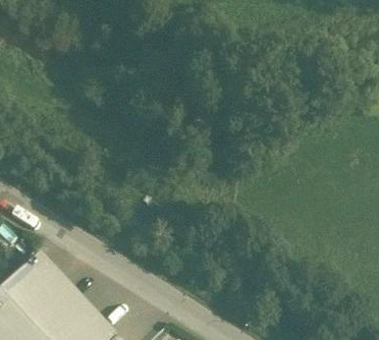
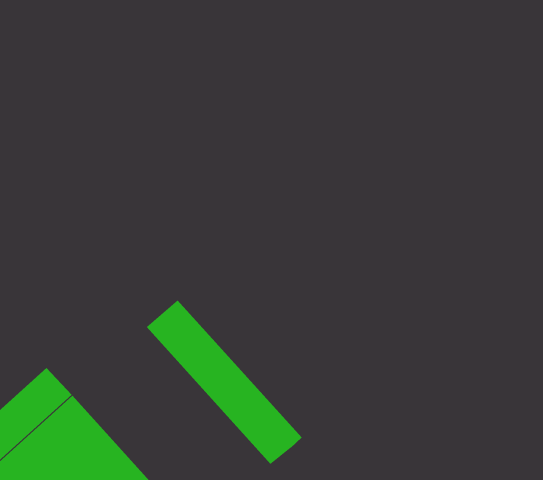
building: none -> [146,300,302,465]

